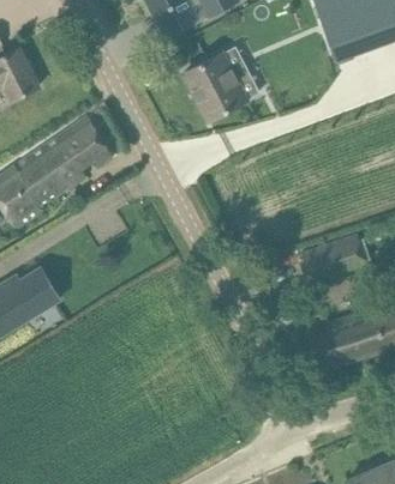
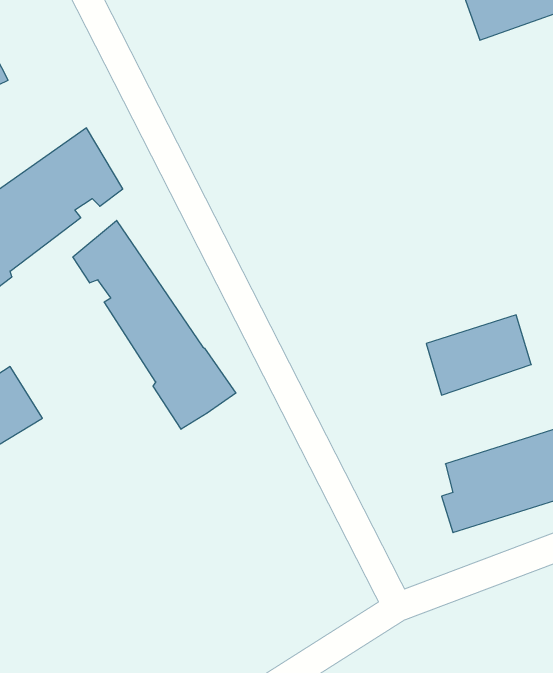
building: [184,53,247,120] -> none
building: none -> [73,220,236,429]

